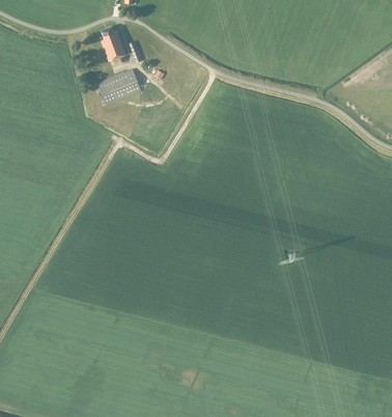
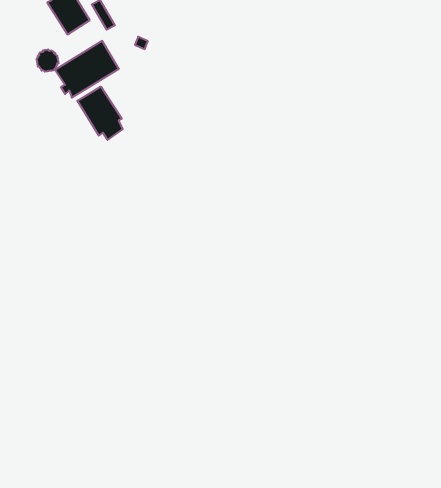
building: none -> [77,87,123,140]

